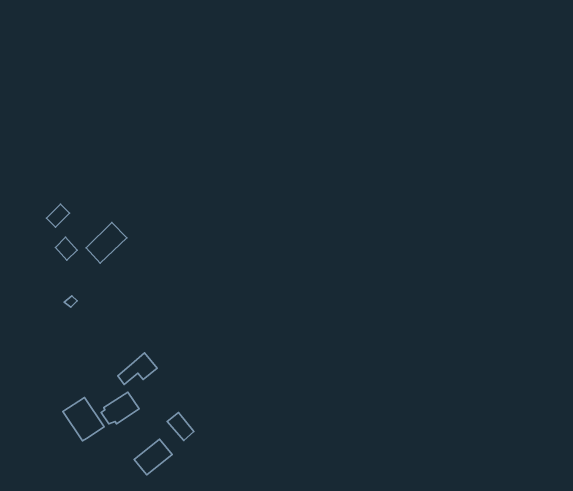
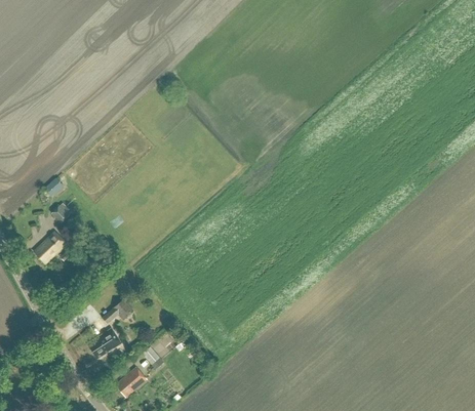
building: [86,223,127,263] -> [35,231,68,263]
building: [63,398,104,441] -> none

